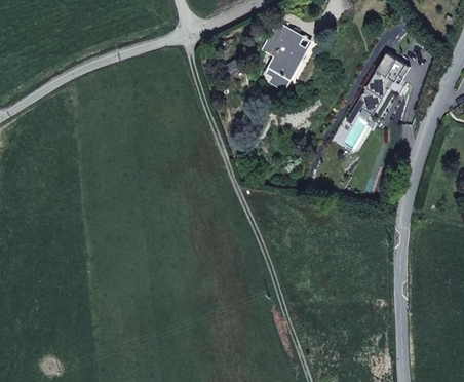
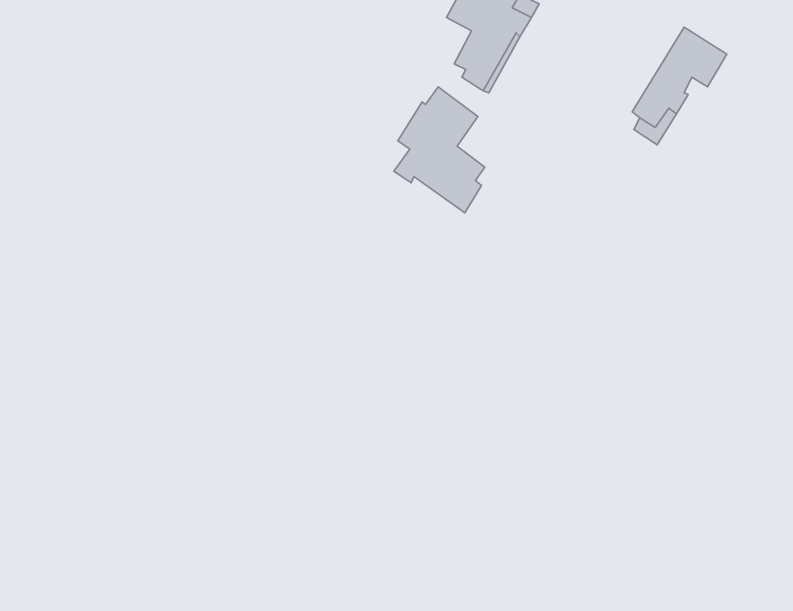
building: none -> [394,87,485,213]

